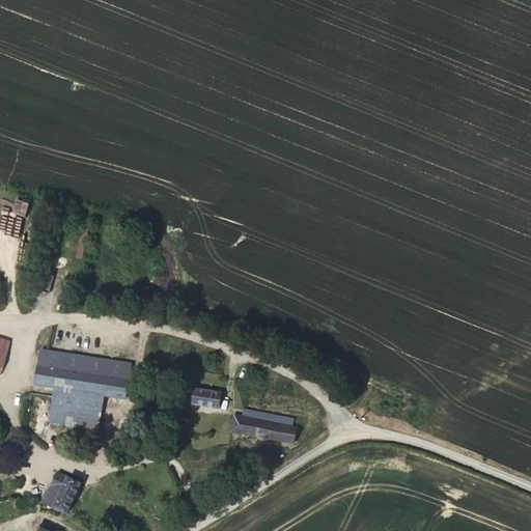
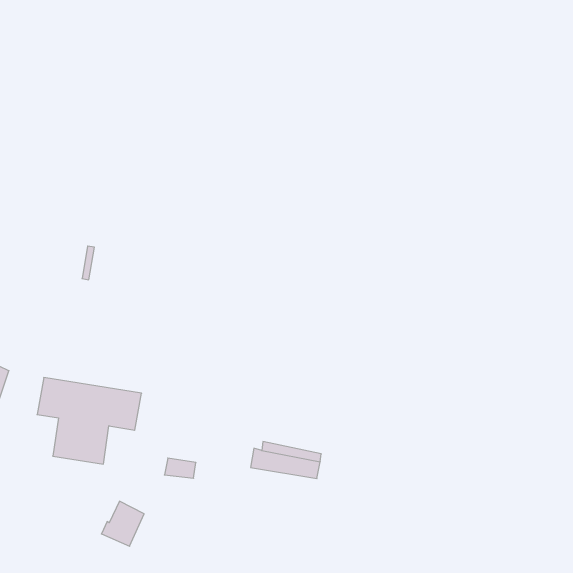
building: [191,388,220,407] -> [164,458,196,478]
building: [40,471,80,512] -> [101,501,144,546]

